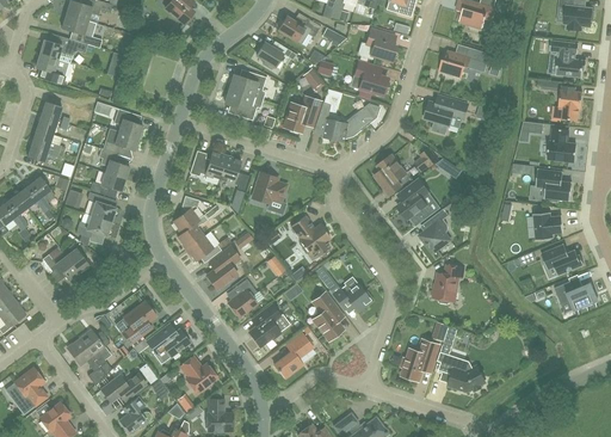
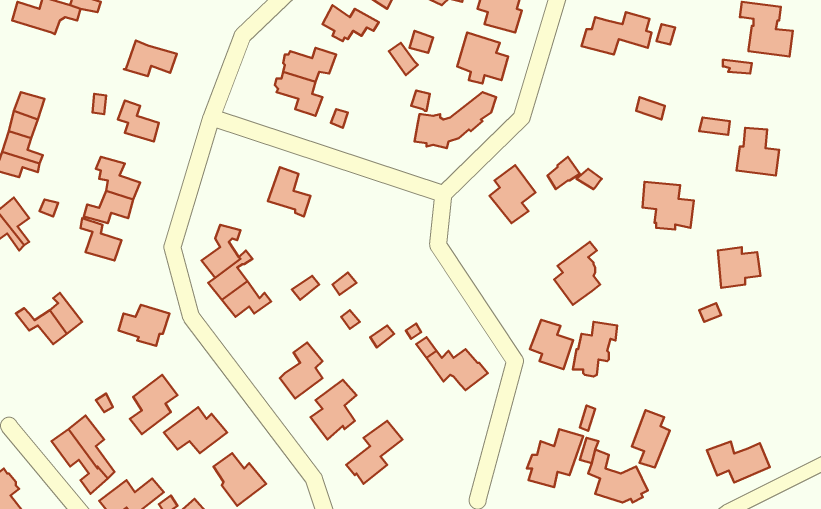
building: [36,51,67,82] -> none
building: [558,84,582,118] -> none
building: [424,93,468,133] -> none
building: [283,94,320,133] -> none
building: [101,127,138,152] -> [124,40,177,76]
building: [190,149,227,178] -> none
building: [536,167,572,201] -> [643,182,694,230]
building: [252,171,286,202] -> none
building: [397,177,432,224] -> none
building: [75,214,111,242] -> [119,305,170,346]
building: [290,214,329,258] -> none
building: [541,242,584,273] -> none
building: [206,245,240,287] -> none
building: none -> [530,320,573,369]
building: [554,279,598,308] -> [707,442,770,482]
building: [311,290,342,339] -> none
building: none -> [632,410,670,468]

